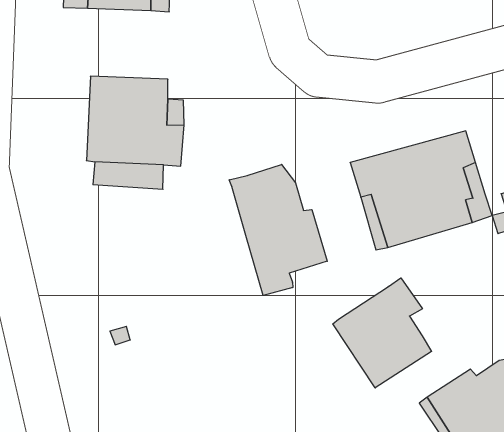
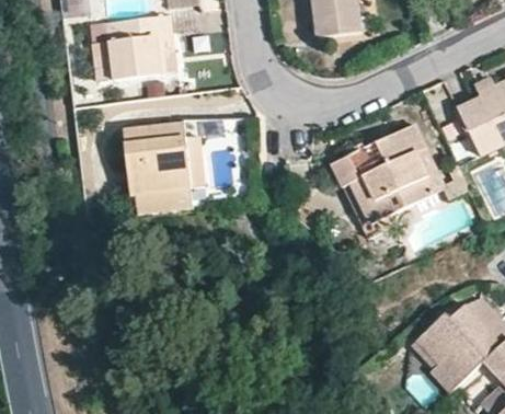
building: [229,164,327,295] -> none
building: [333,278,432,388] -> none

